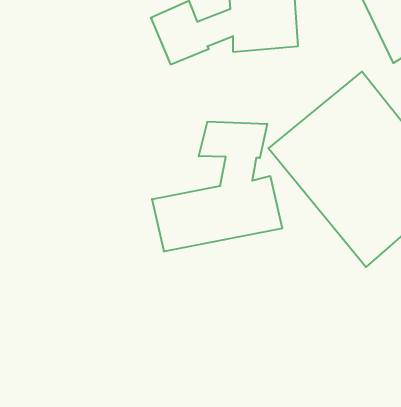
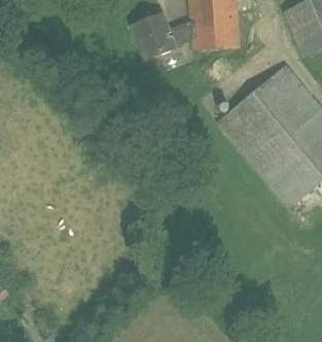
building: [152,122,282,252] -> none

